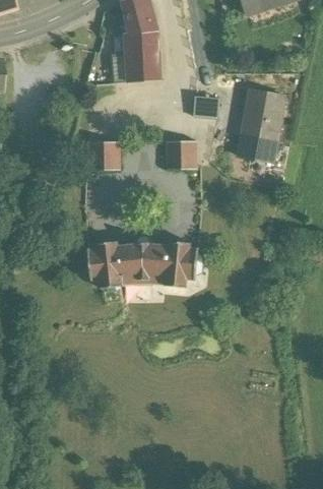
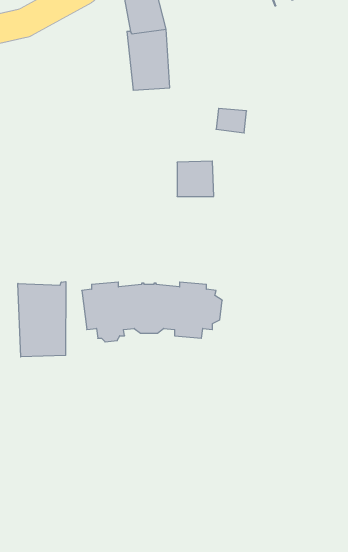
building: [239,89,285,162] -> none
building: [88,140,120,170] -> none
building: none -> [18,282,66,357]

